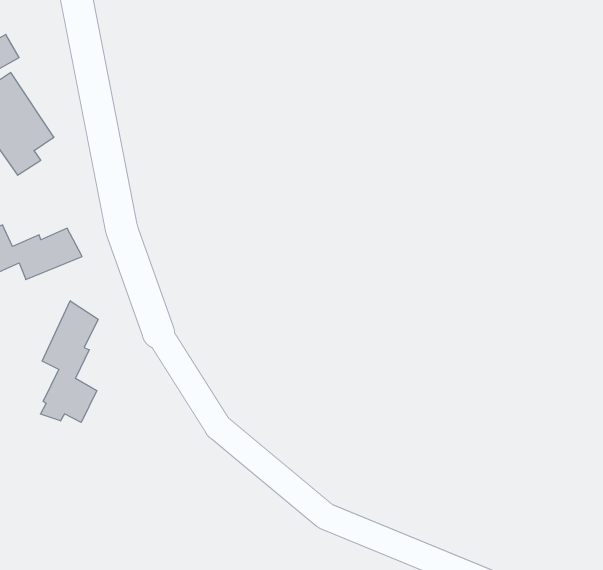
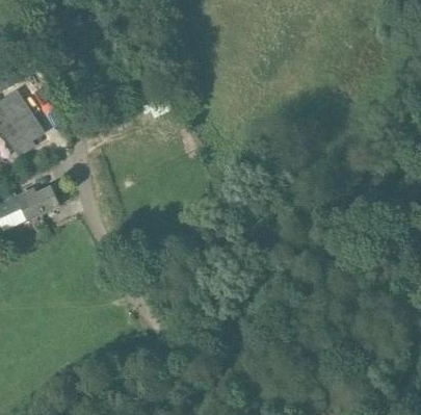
building: [40,301,98,422] -> none

